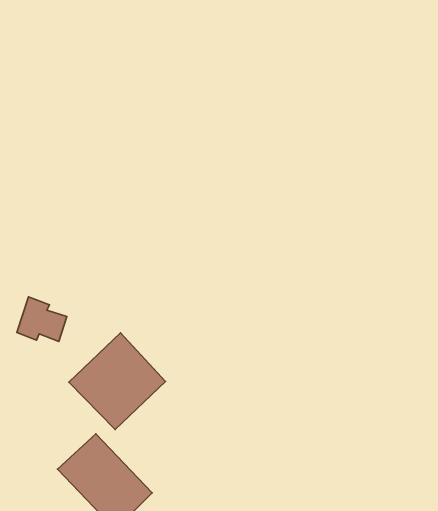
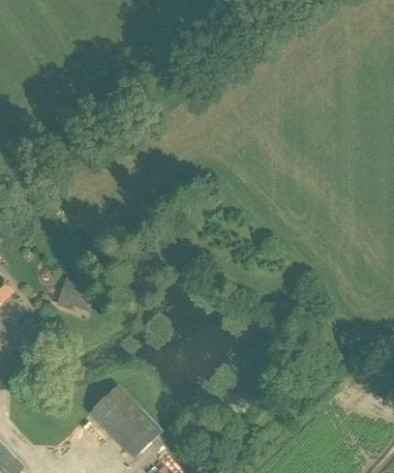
building: [69,333,165,430] -> none

